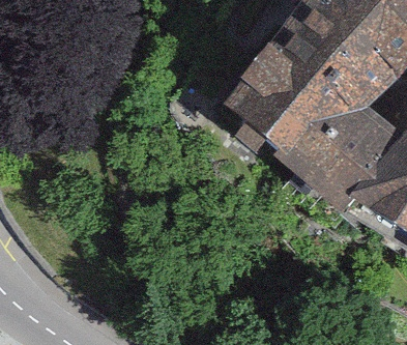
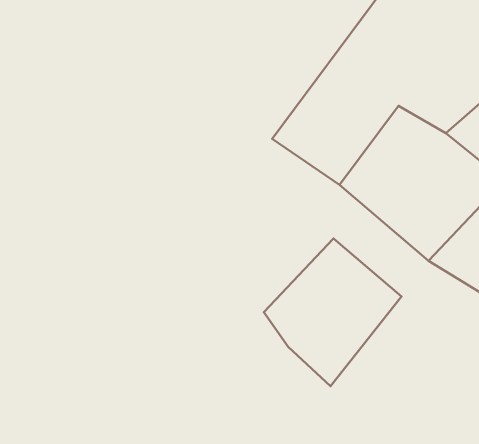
building: none -> [264,238,402,386]

